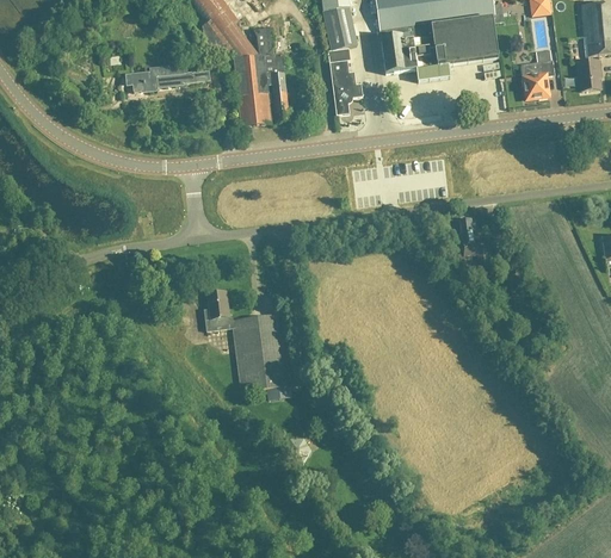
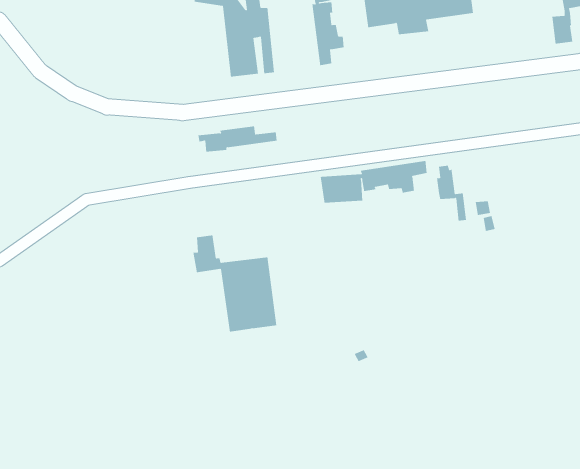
building: [520,49,553,99] -> none
building: [126,63,210,91] -> [198,126,278,152]
building: none -> [320,160,427,203]

